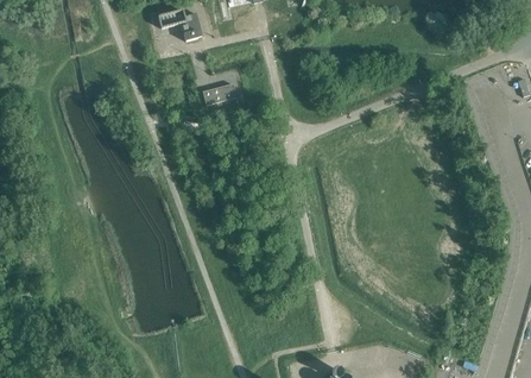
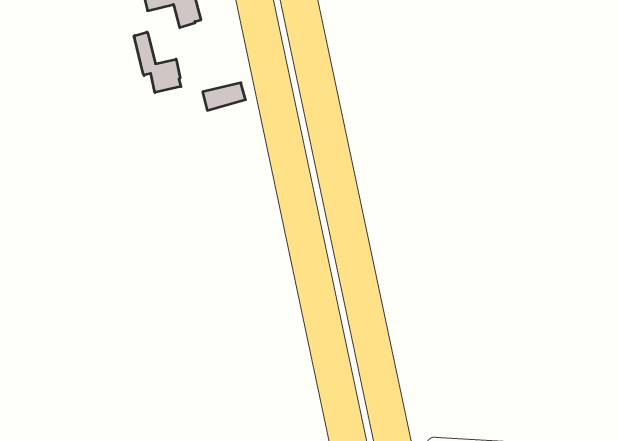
building: none -> [134,32,181,93]

